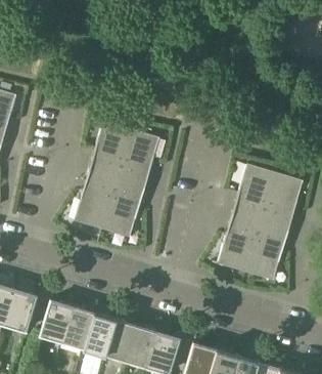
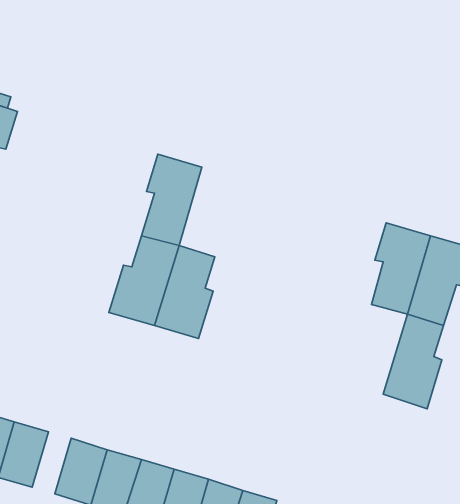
building: [118,131,159,188] -> none
building: [218,217,261,274] -> none

